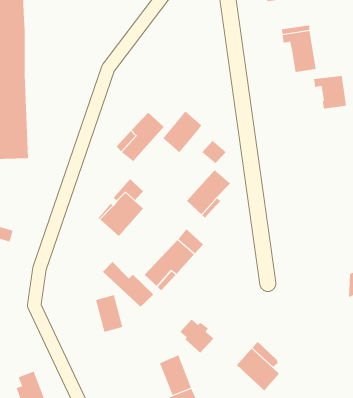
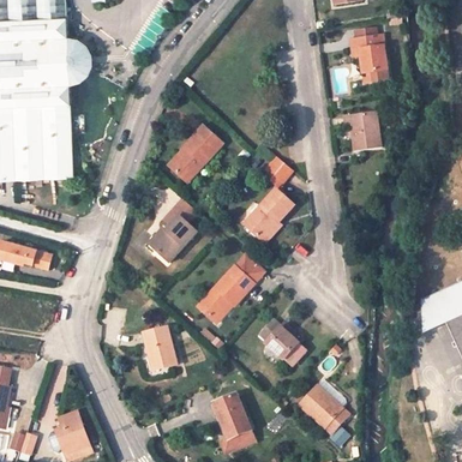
building: none -> [67,35,94,84]
building: [313,75,347,109] -> [343,112,380,149]
building: [162,111,202,153] -> none
building: [102,261,154,308] -> none
building: [179,319,214,354] -> [260,319,299,358]

